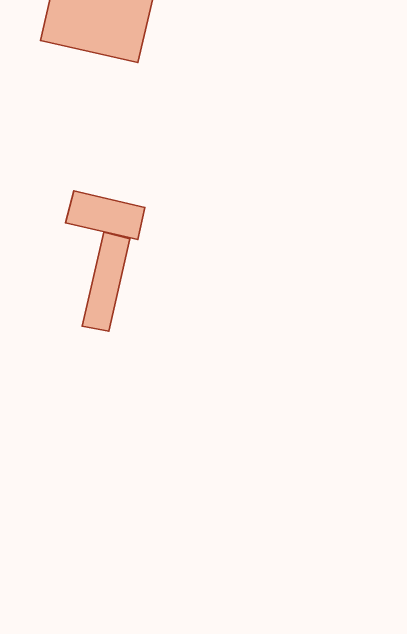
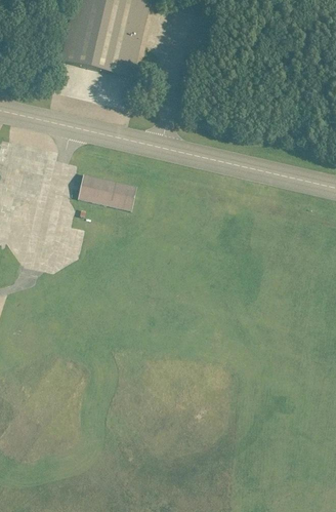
building: [82,232,130,331] -> none

